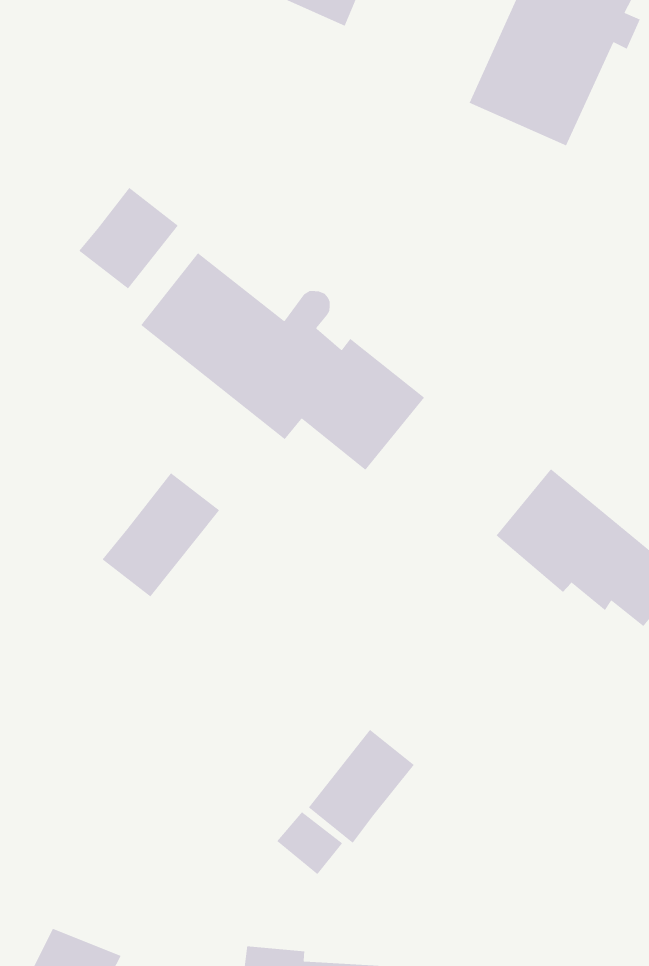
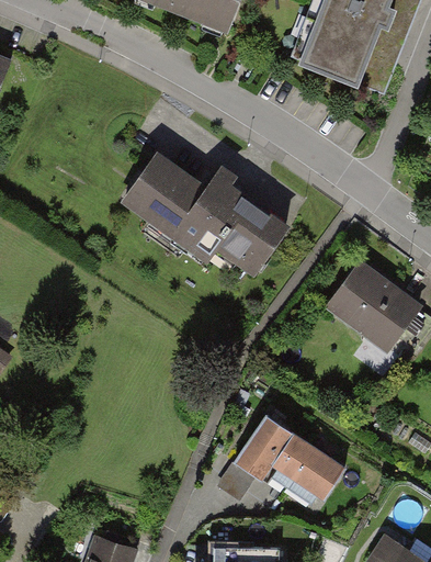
building: [78,187,179,290] -> none
building: [101,472,220,597] -> none
building: none -> [271,435,344,499]

